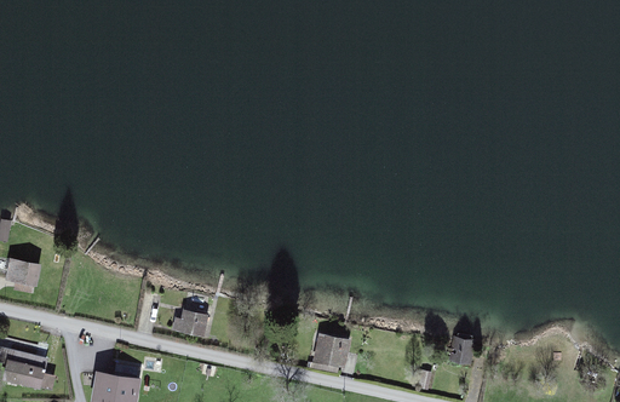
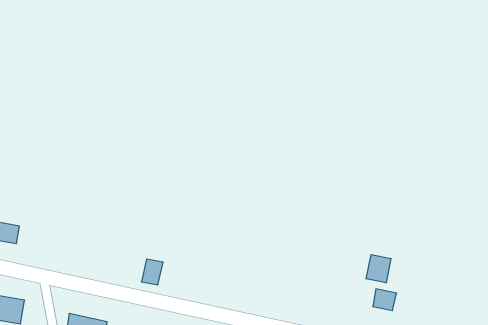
building: none -> [366,255,391,283]
building: [311,328,348,362] -> none

